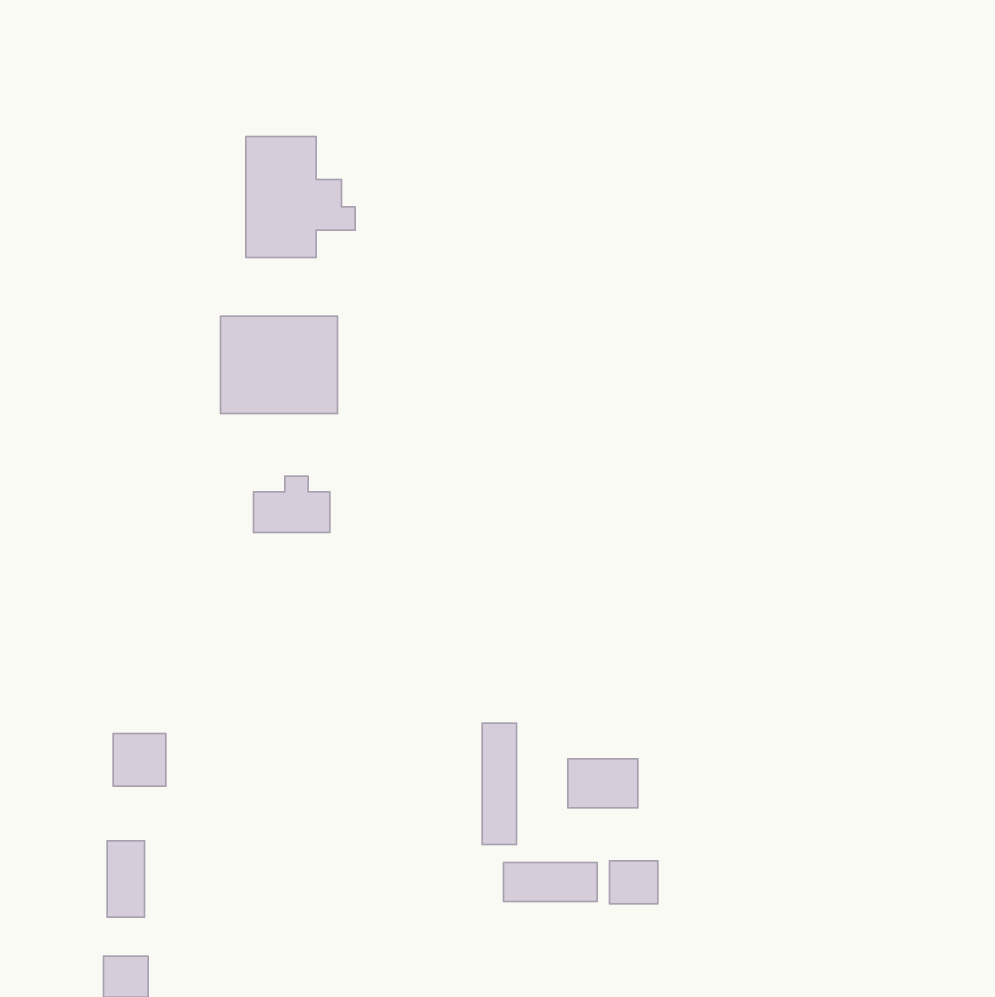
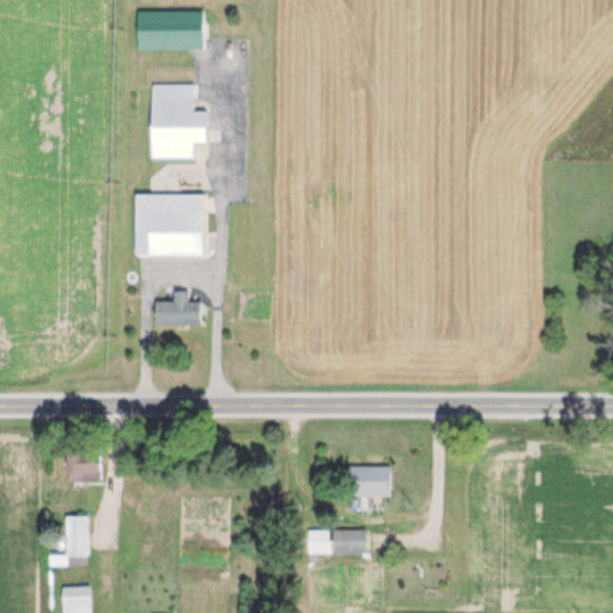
building: none -> [138,11,204,49]
building: [482,723,516,845] -> none
building: [610,861,658,904] -> none

